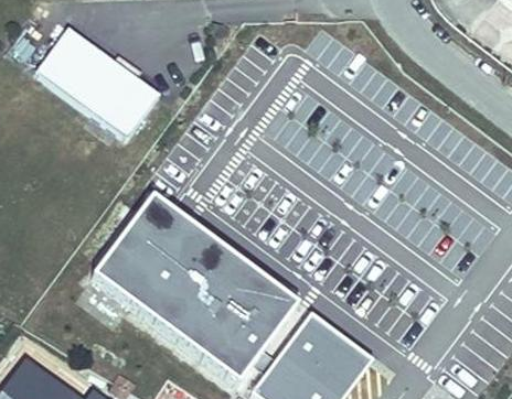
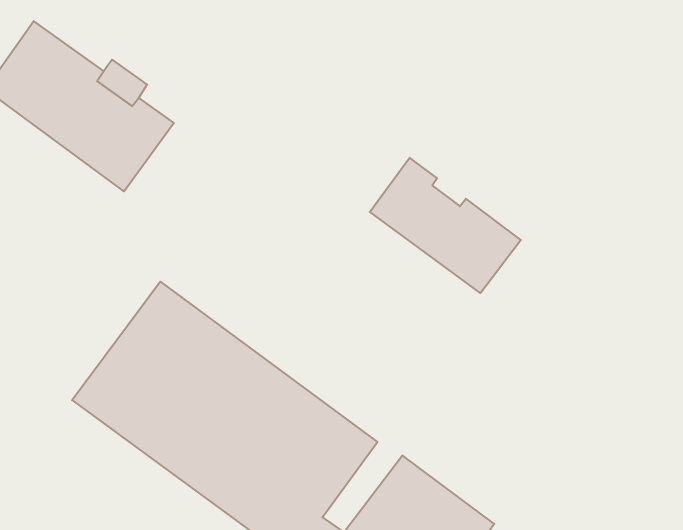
building: none -> [370,158,521,293]

